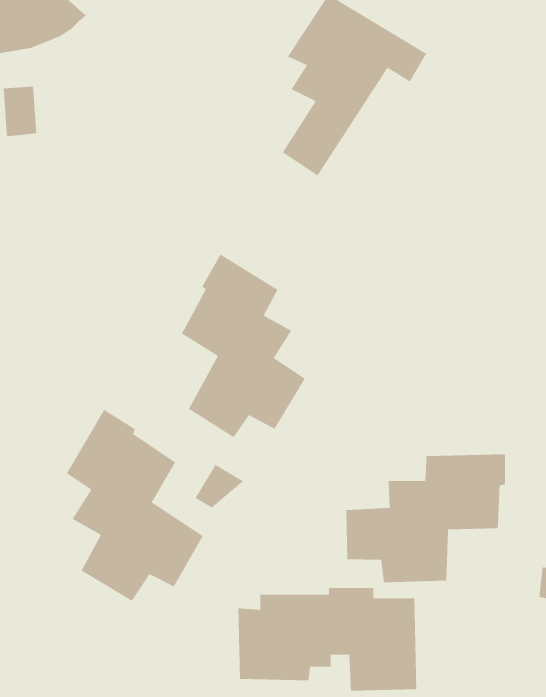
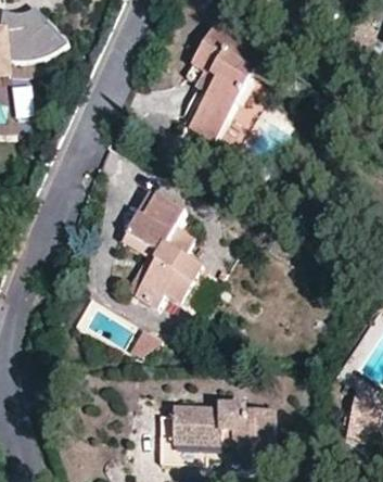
building: [66,409,204,602] -> none
building: [346,453,506,583] -> none

